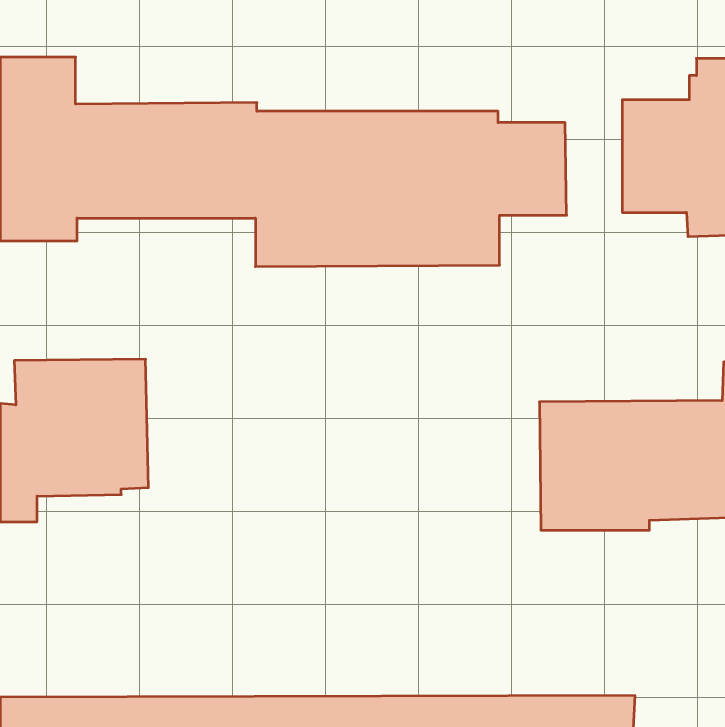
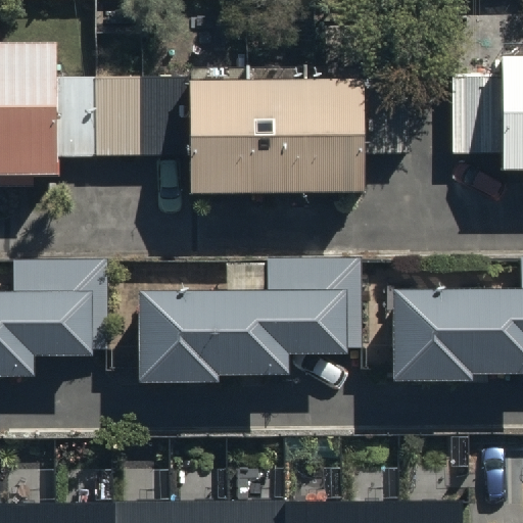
building: none -> [136,258,366,383]

